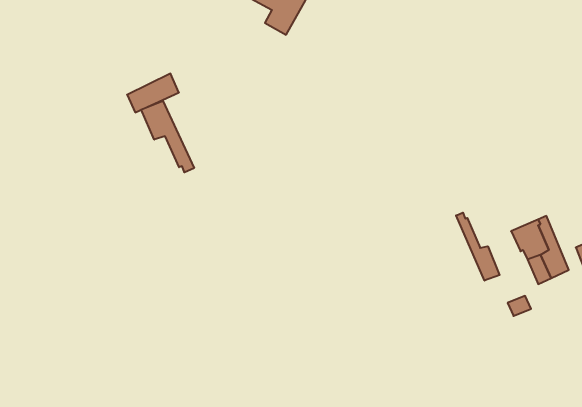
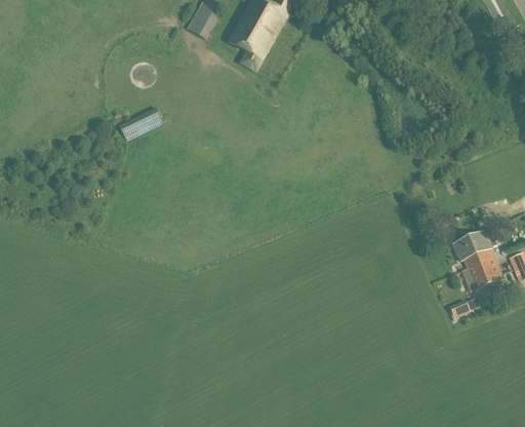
building: [141,101,194,172] -> none
building: [456,213,500,281] -> none

